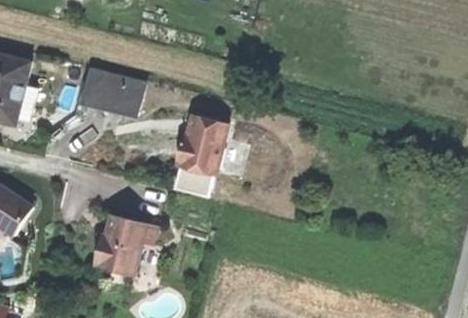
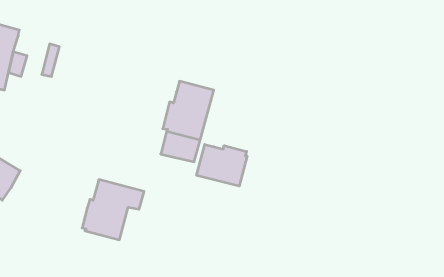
building: [81,68,146,115] -> none
building: none -> [197,144,247,186]

